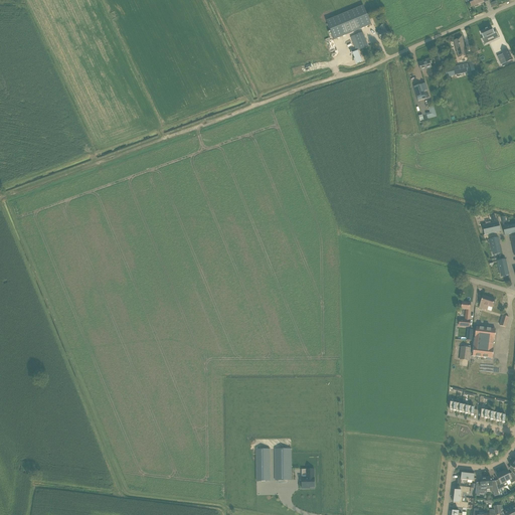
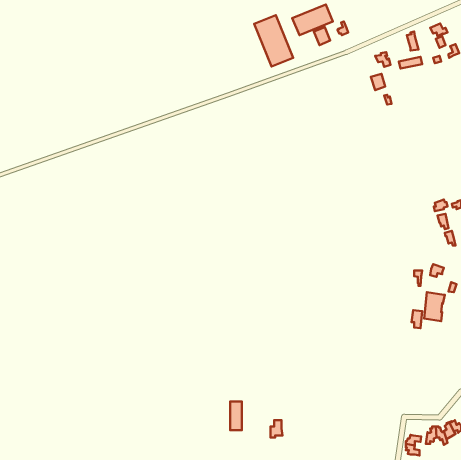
building: none -> [254,15,293,66]
building: [275,448,292,480] -> none

